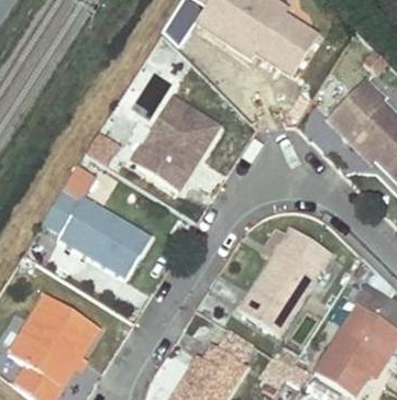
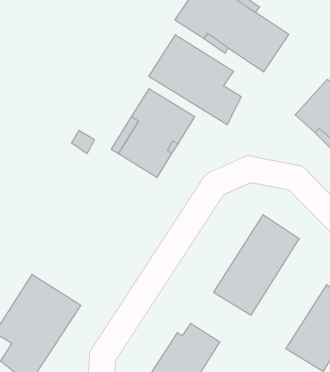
building: none -> [149,35,241,125]
building: [46,190,151,277] -> none

